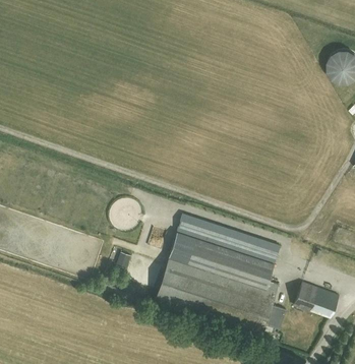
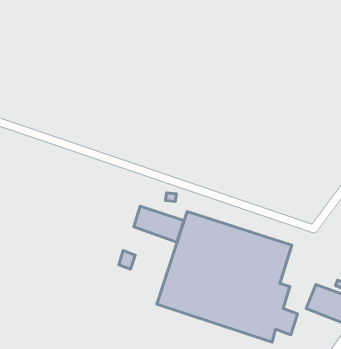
building: none -> [134,206,184,242]

